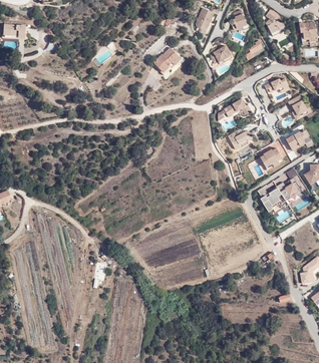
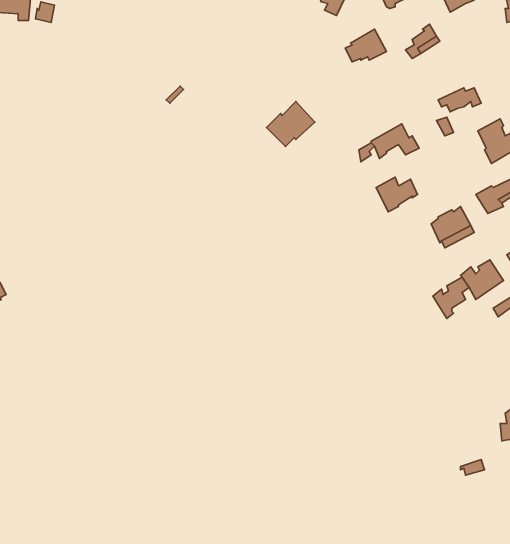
building: [153,47,182,73] -> [267,102,315,146]

